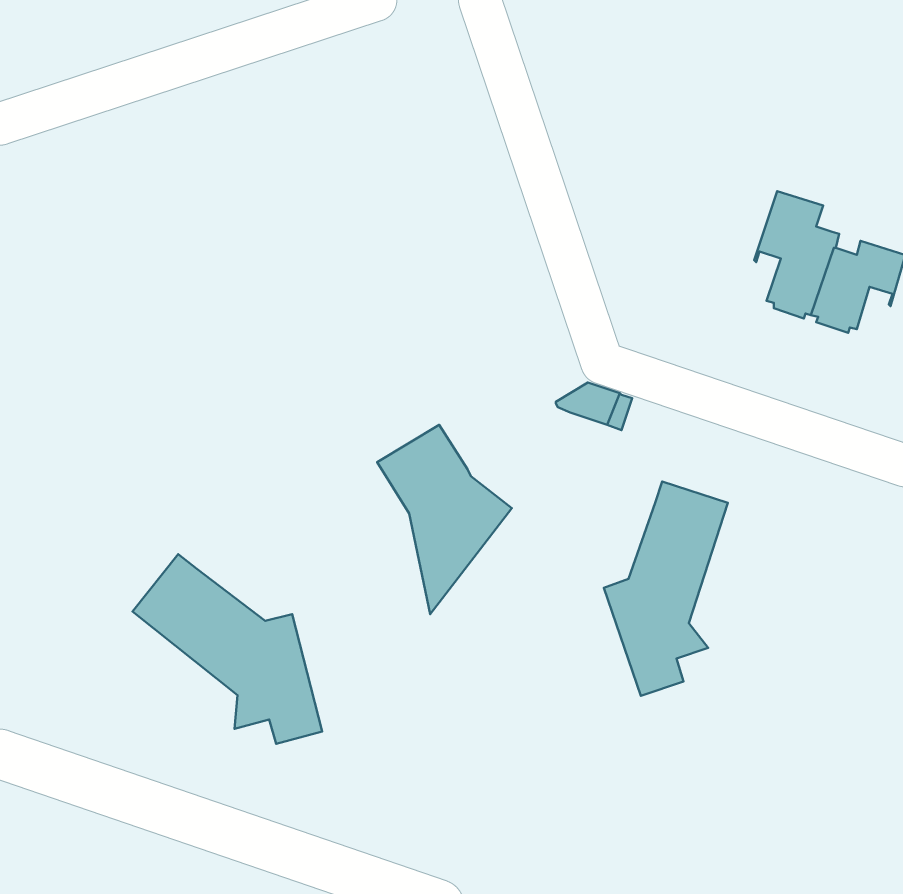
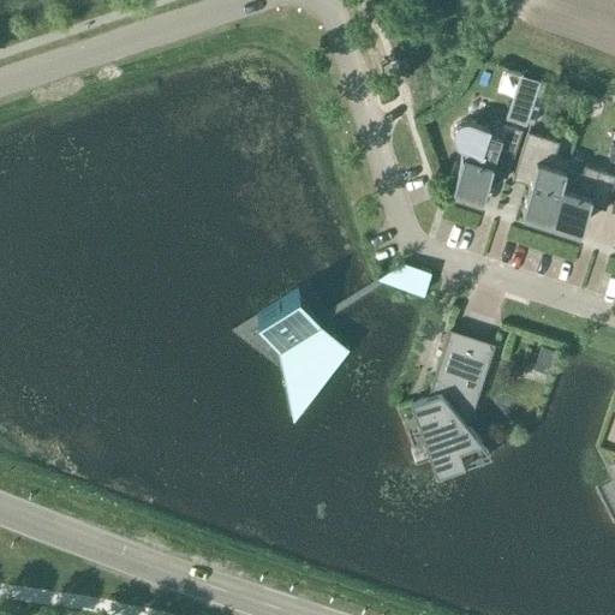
building: none -> [509,80,542,125]
building: none -> [453,125,523,201]
building: [132,554,322,744] -> none

